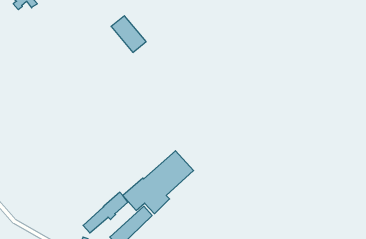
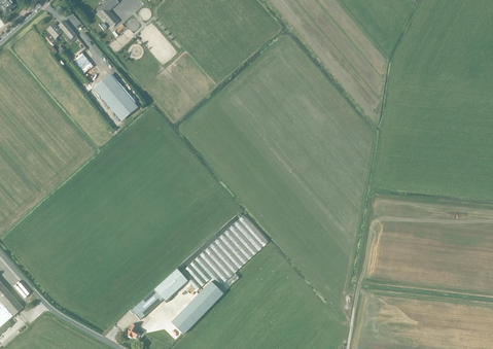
building: [111,16,146,52] -> [94,74,137,119]

